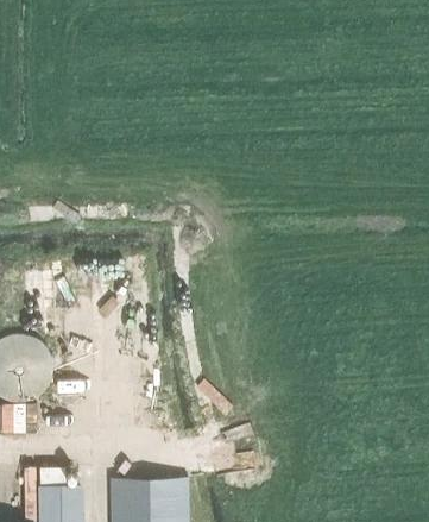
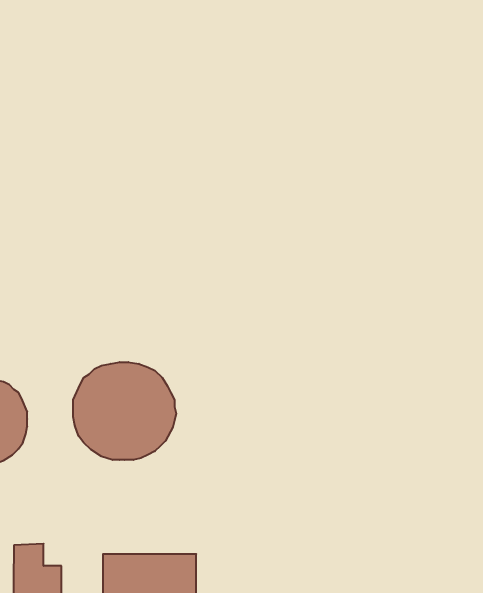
building: none -> [73,362,176,460]

